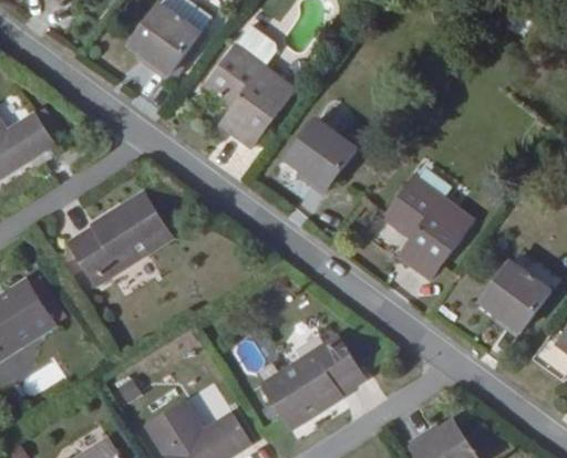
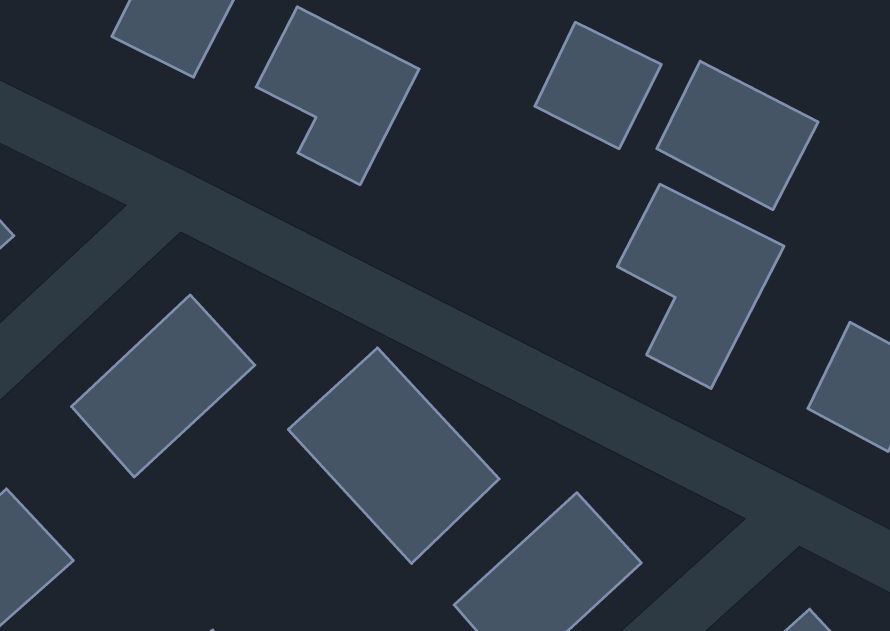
building: none -> [657,61,818,210]
building: [286,117,359,190] -> [535,22,661,149]
building: none -> [288,348,499,564]

